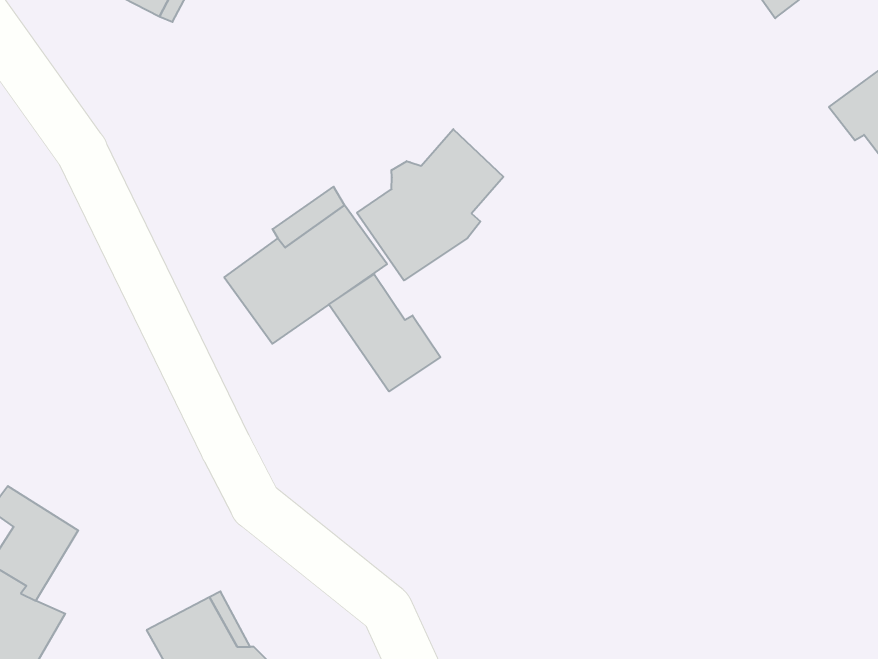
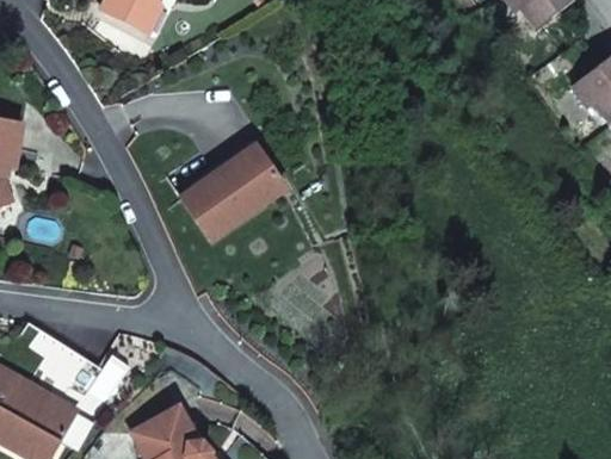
building: [357,129,503,280] -> none
building: [329,274,440,391] -> none

